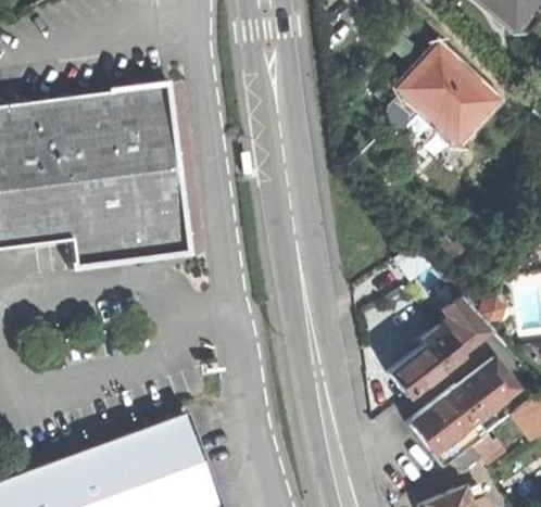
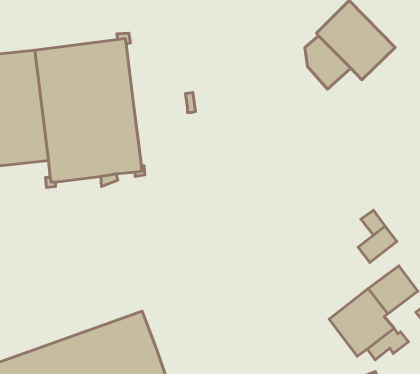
building: [391,338,461,396] -> none

